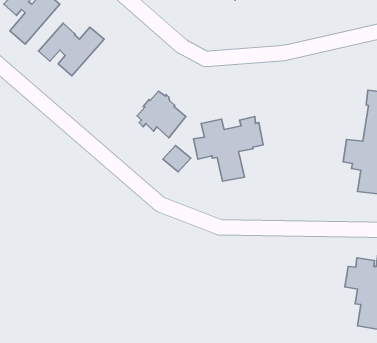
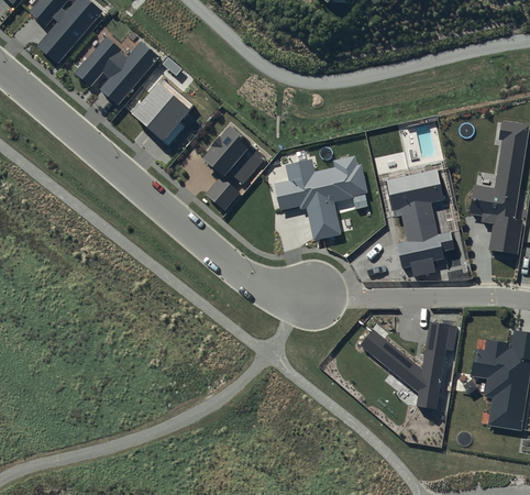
building: none -> [131,79,192,147]
building: none -> [387,170,454,279]
building: [163,145,191,172] -> [205,176,241,210]
building: none -> [360,323,457,413]

